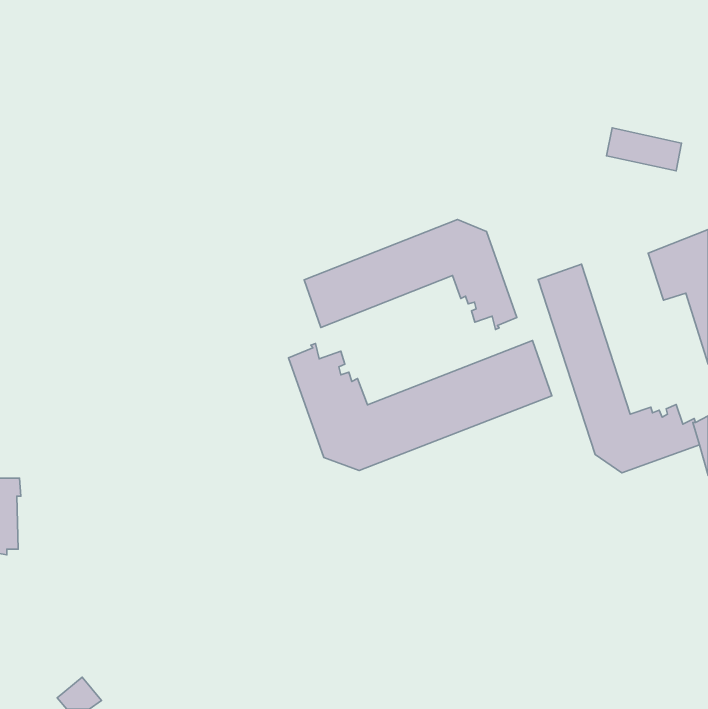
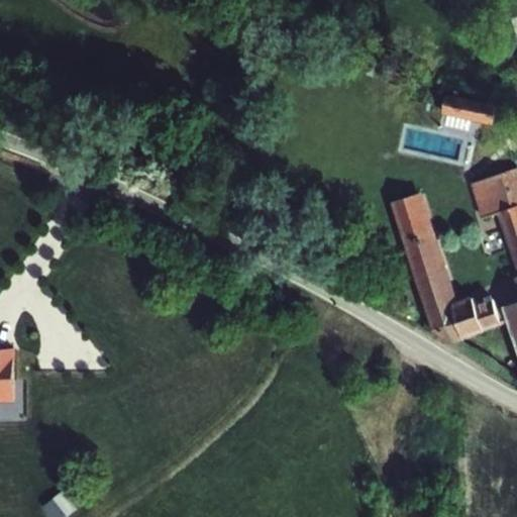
building: [304,220,517,329] -> none
building: [289,341,552,471] -> none

